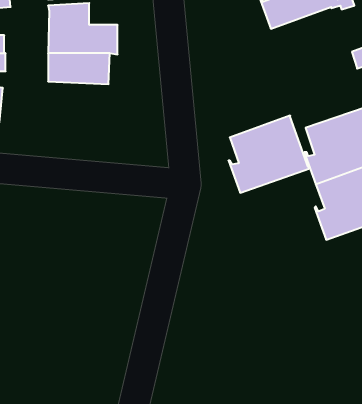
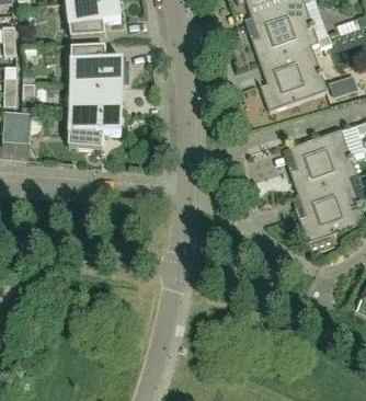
building: none -> [68,107,122,149]
building: [228,116,310,193] -> [259,44,328,110]

